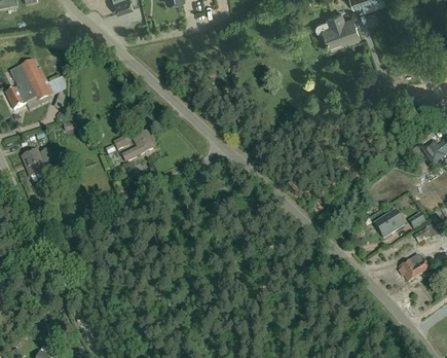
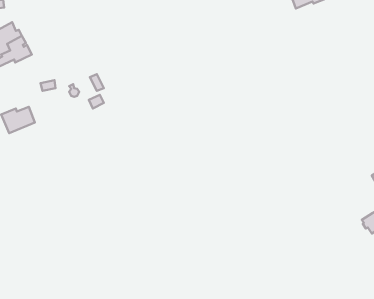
building: [121,132,153,163] -> none
building: [374,210,404,238] -> none

